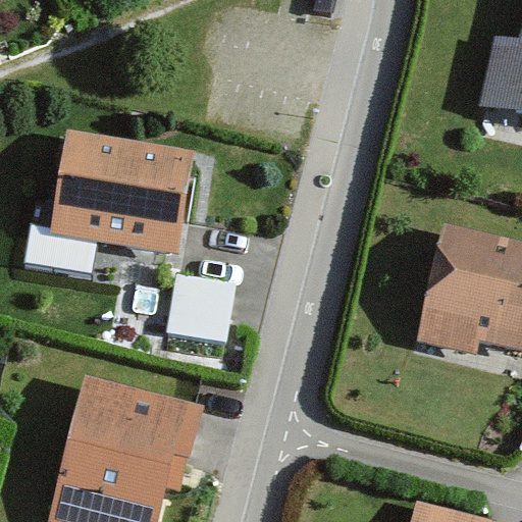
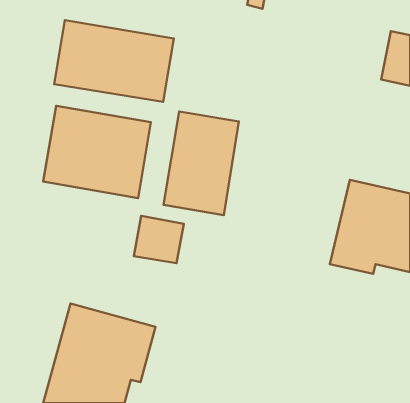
building: none -> [54,20,174,102]
building: none -> [163,111,239,215]

